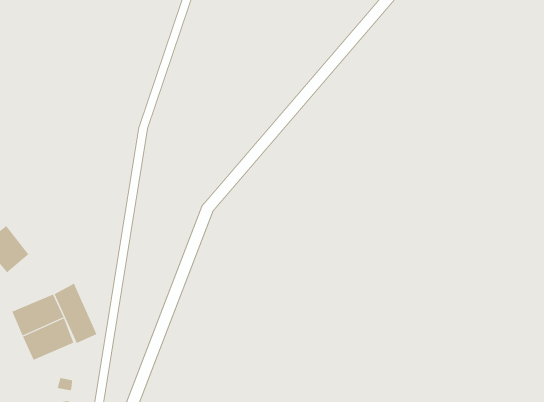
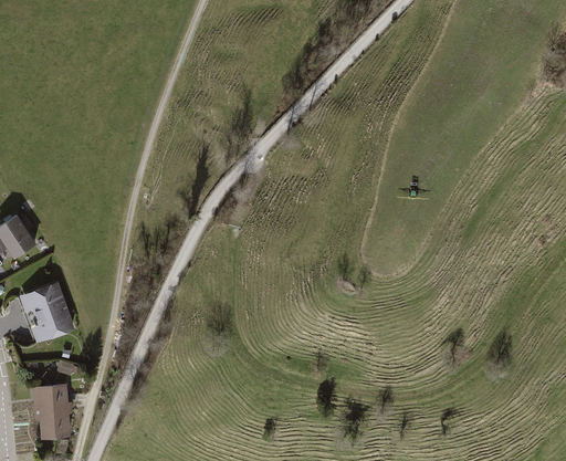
building: [54,283,97,344] -> none

